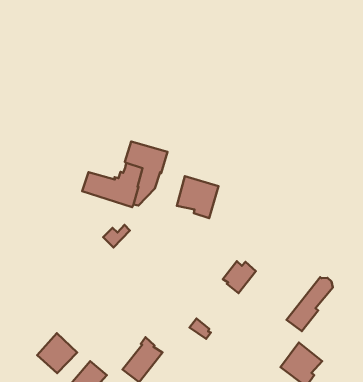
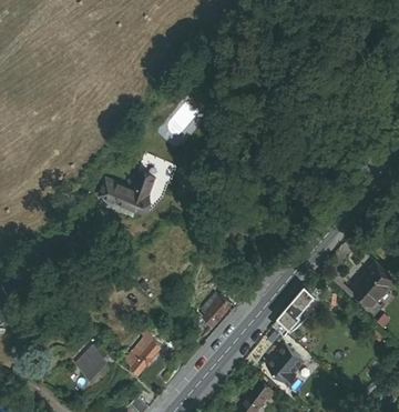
building: [177,176,219,218] -> none
building: [223,261,256,293] -> [198,295,228,324]
building: [37,333,77,373] -> none

